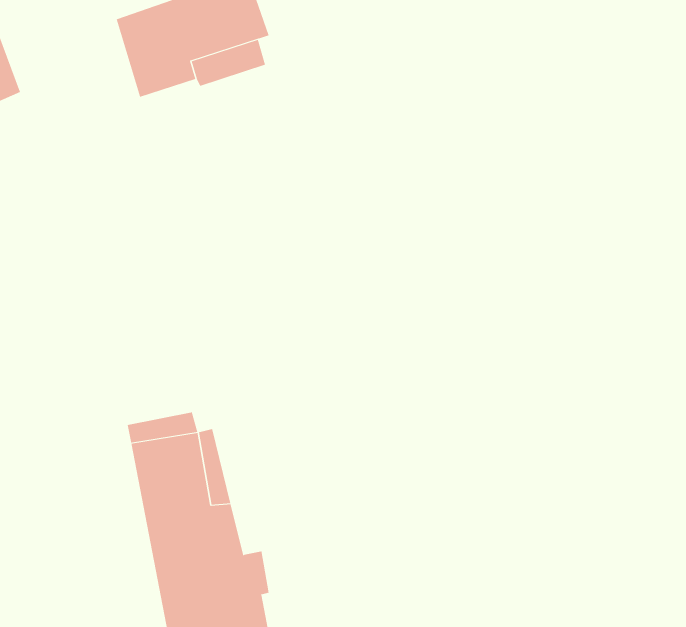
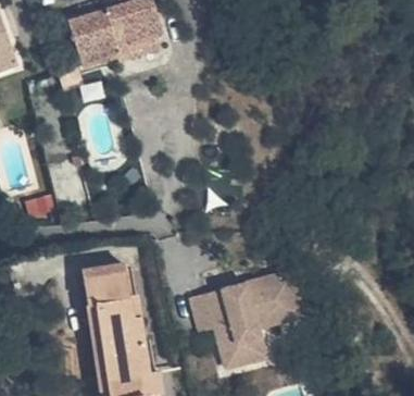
building: none -> [190,257,305,360]

